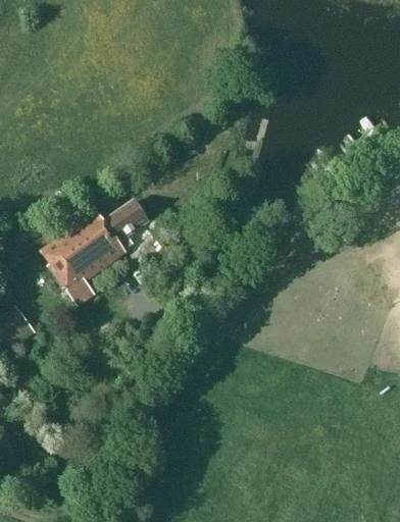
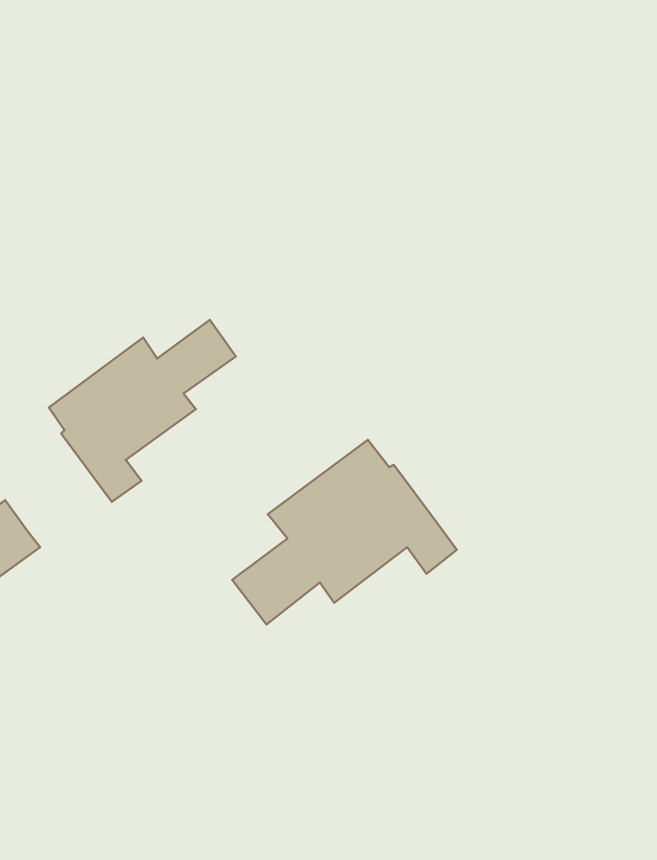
building: none -> [232,440,457,625]

